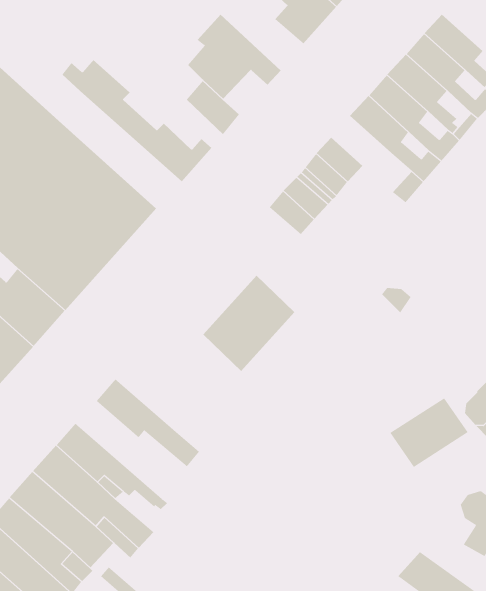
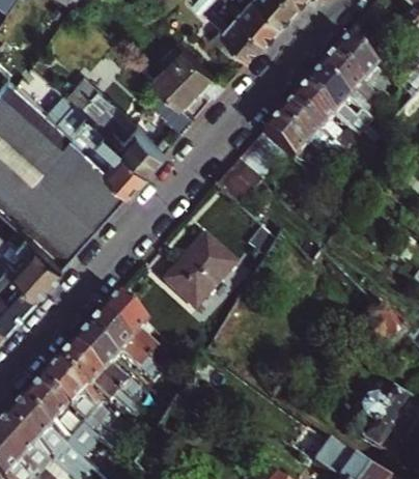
building: none -> [57,94,151,182]
building: none -> [263,113,308,157]
building: none -> [102,292,157,351]
building: [389,397,468,468] -> none
building: none -> [72,327,142,400]

